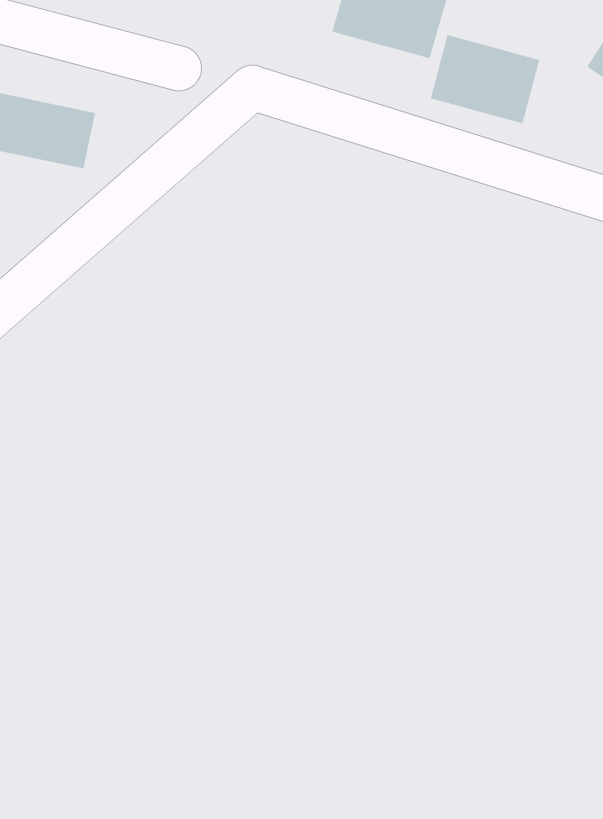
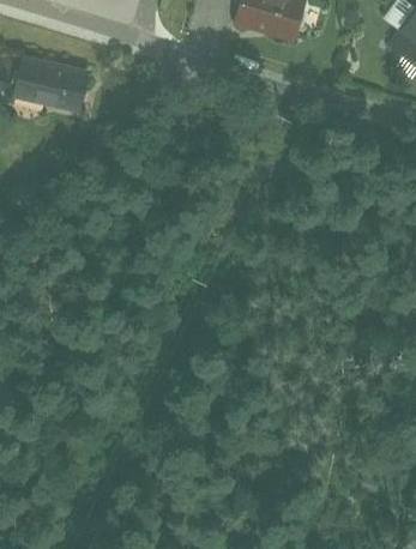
building: [430,34,540,124] -> none

